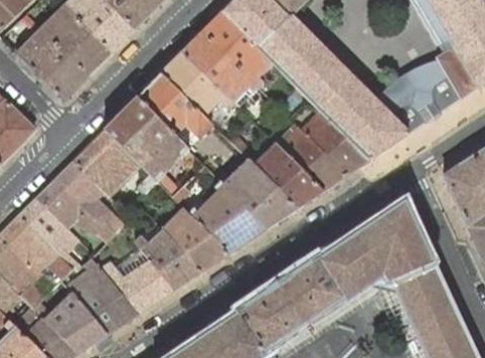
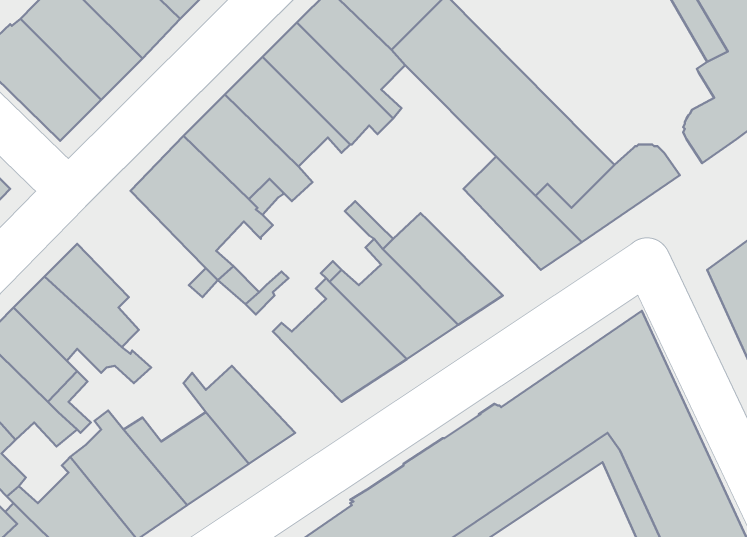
building: [375,58,448,119] -> none
building: [272,125,346,189] -> none
building: [74,128,140,194] -> none
building: [164,208,229,270] -> none

